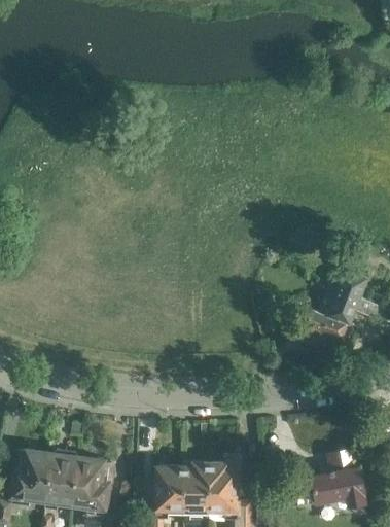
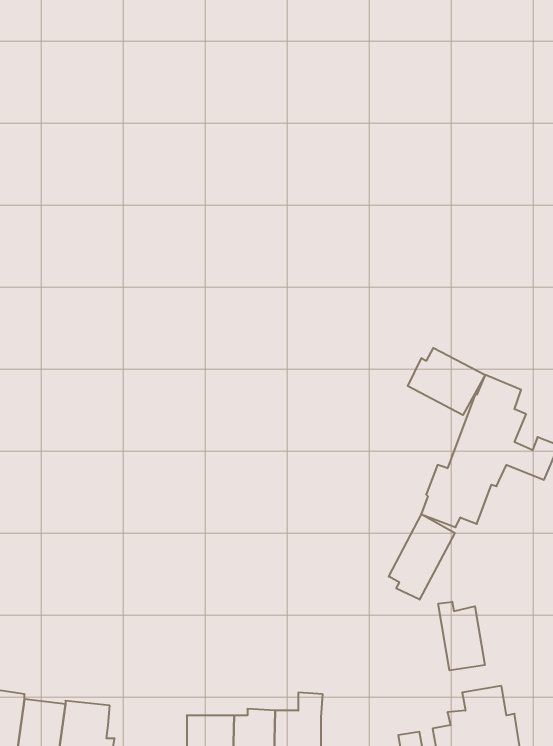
building: none -> [408,348,485,415]
building: none -> [389,514,455,600]
building: none -> [438,602,485,670]

